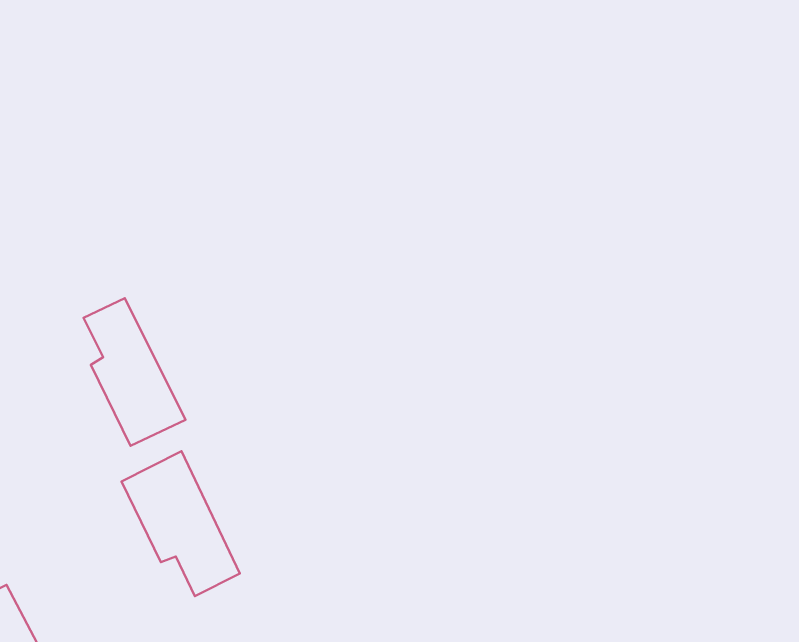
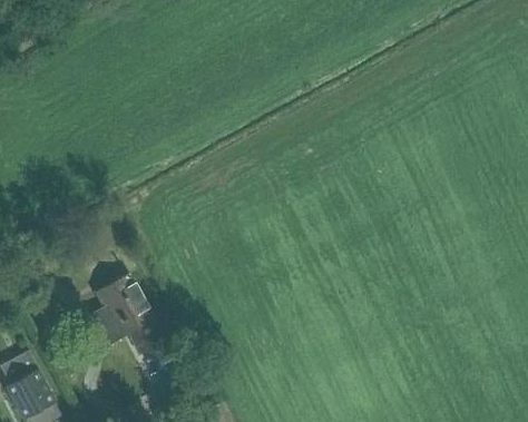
building: [84,298,185,446] -> none

